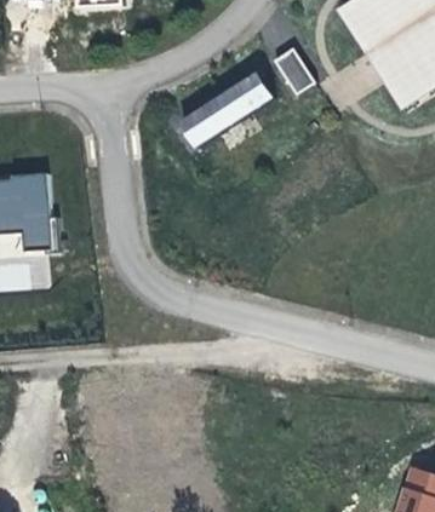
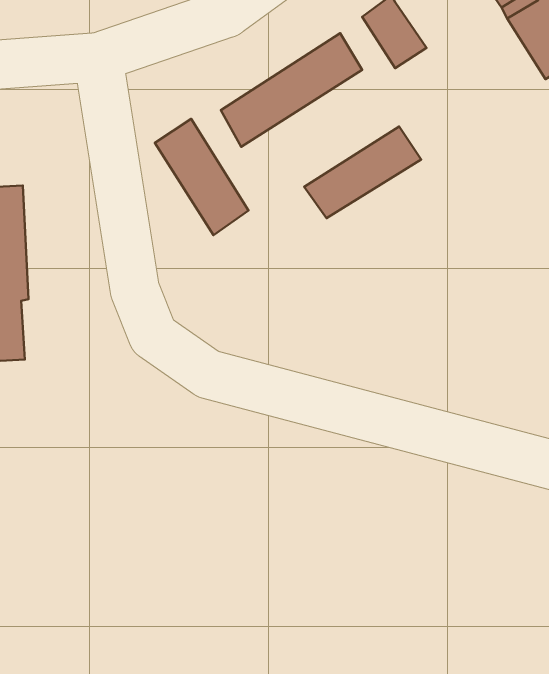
building: none -> [155,119,249,235]
building: none -> [304,126,421,218]

